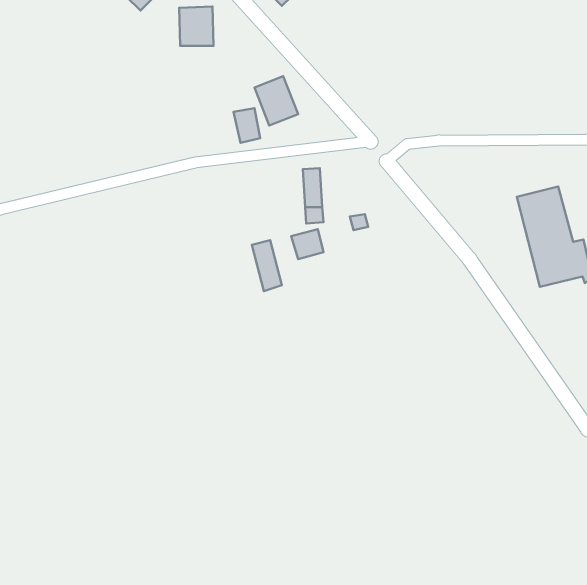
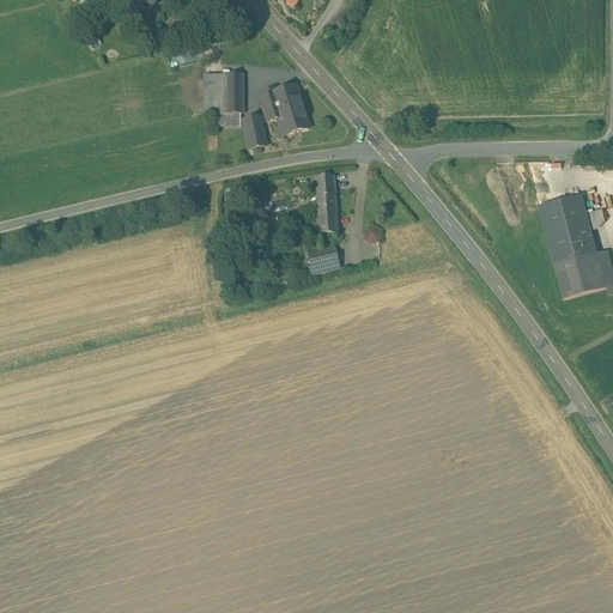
building: [179,7,214,46] -> [206,68,242,109]
building: [252,240,282,291] -> none

